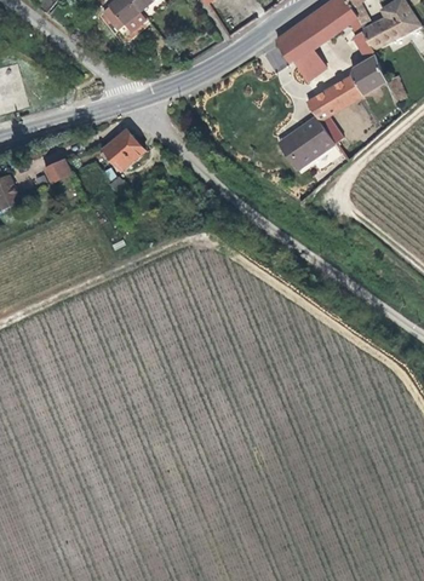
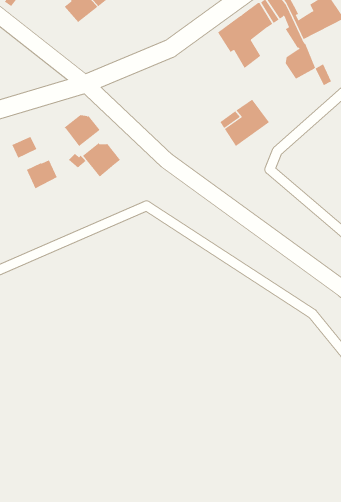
building: [308,75,365,142] -> none
building: none -> [82,142,121,177]
building: none -> [26,159,57,189]

